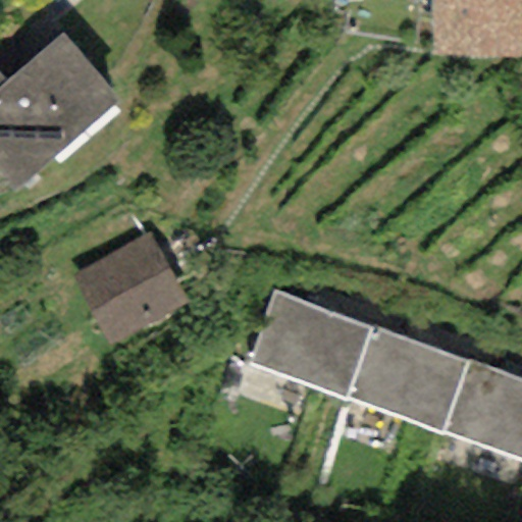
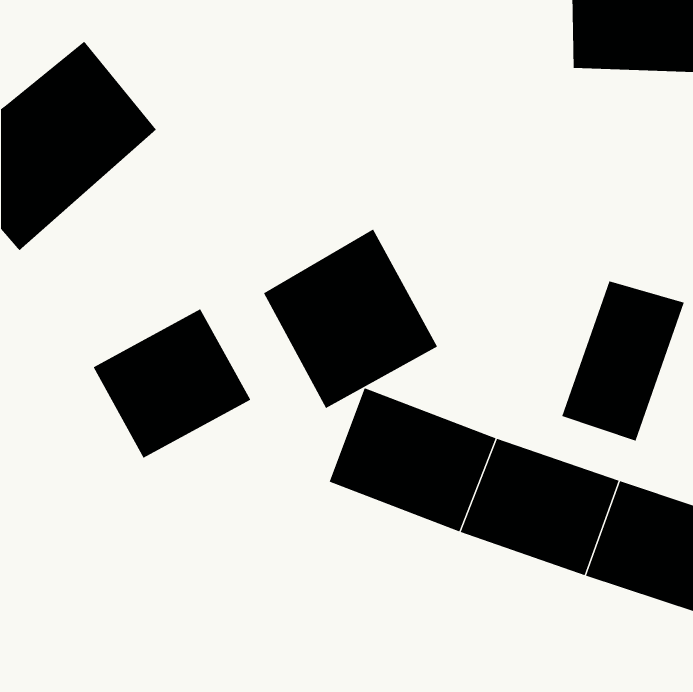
building: none -> [263,228,438,409]
building: none -> [562,280,684,441]

